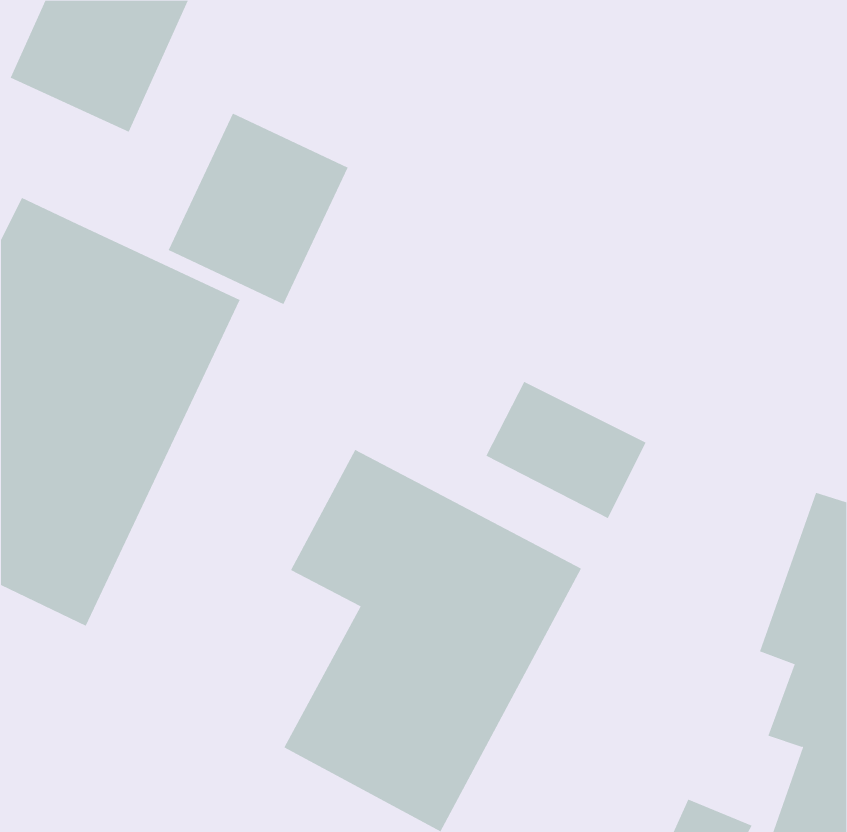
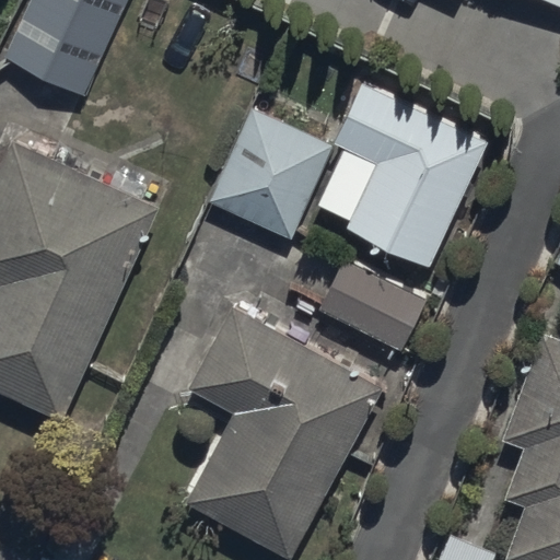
building: none -> [335,81,488,260]
building: [168,113,349,305] -> [211,115,330,242]

